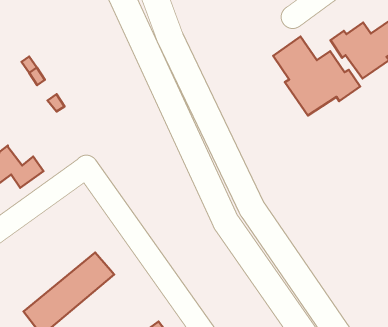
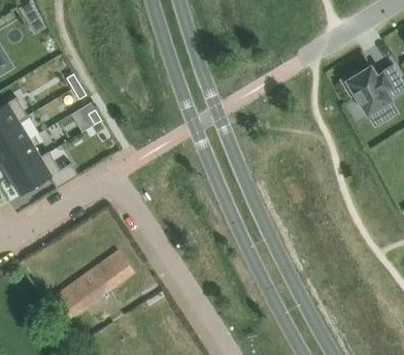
building: [273,37,360,115] -> none

